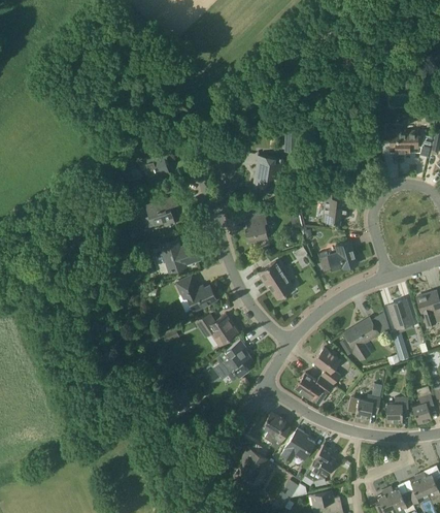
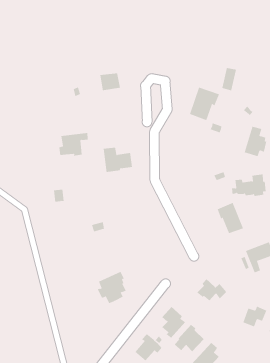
building: [145,195,178,227] -> [58,133,89,158]
building: [245,214,268,243] -> none
building: [259,261,294,298] -> [217,202,244,234]
building: [176,276,216,312] -> none
building: [195,314,238,346] -> none
building: [216,341,250,381] -> [97,271,126,304]
building: [313,347,340,384] -> none

